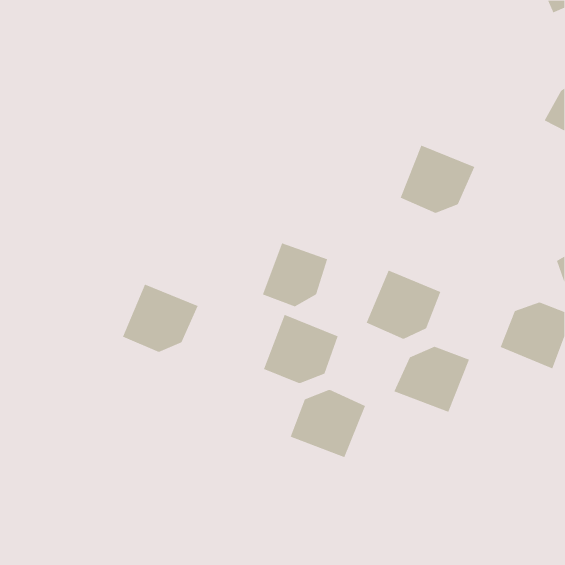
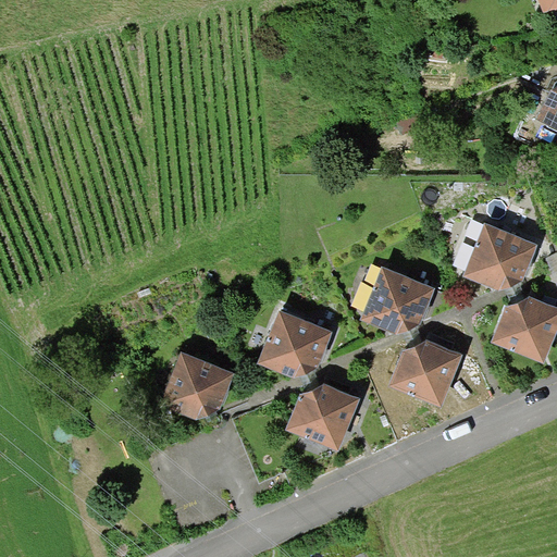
building: [400,145,475,213] -> [465,223,539,290]
building: [262,243,328,307] -> none
building: [122,284,199,352] -> [160,351,235,419]

